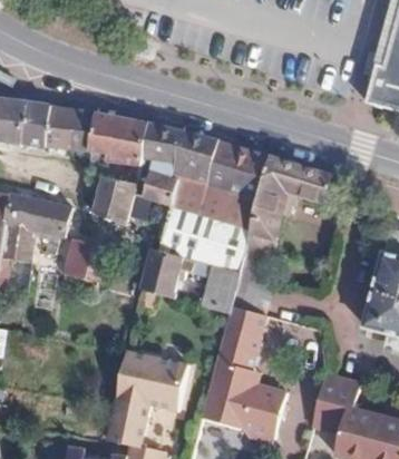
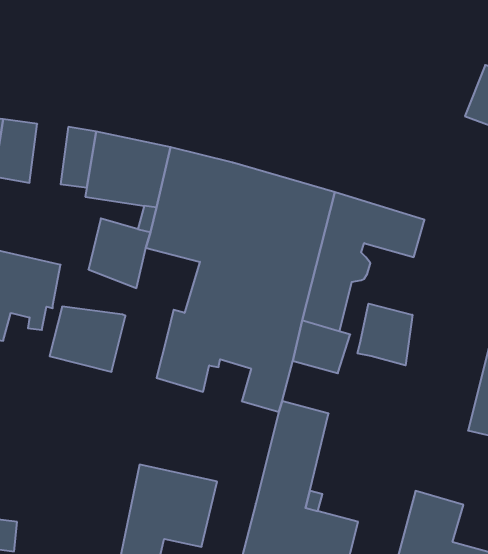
building: [49,106,77,149] -> none
building: none -> [358,304,412,365]

